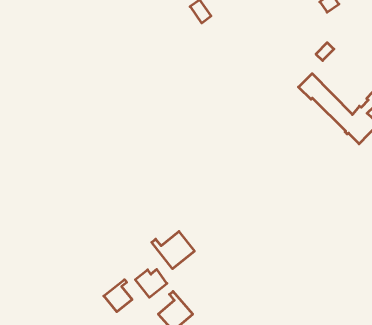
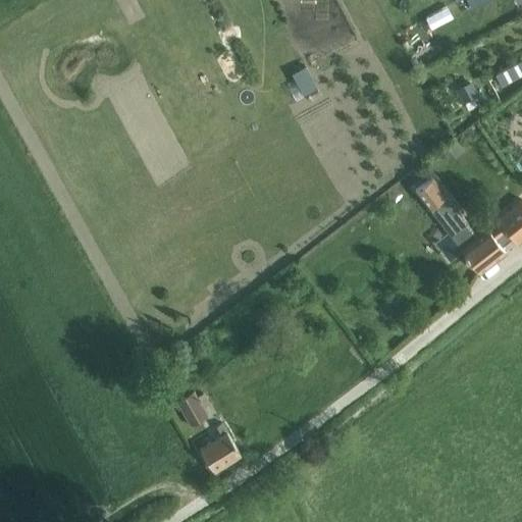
building: [152,231,194,269] -> none
building: [104,280,132,312] -> none

